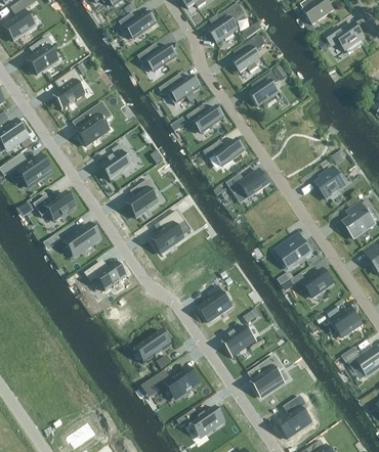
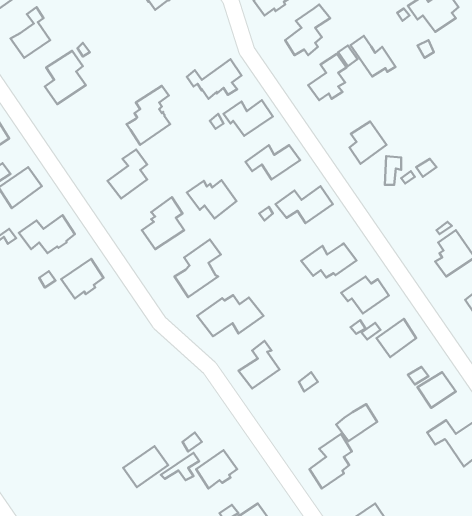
building: [138,44,177,71] -> none
building: none -> [350,36,396,76]
building: [76,101,109,145] -> [126,86,170,145]
building: none -> [187,180,237,219]
building: [319,167,346,198] -> [350,121,386,164]
building: none -> [301,244,357,278]
building: none -> [197,295,263,336]
building: [85,263,126,291] -> none
building: [223,325,254,353] -> [336,404,377,441]
building: [136,329,170,360] -> [123,446,168,487]

